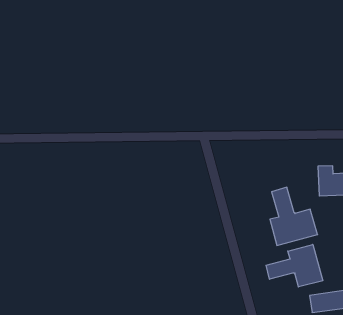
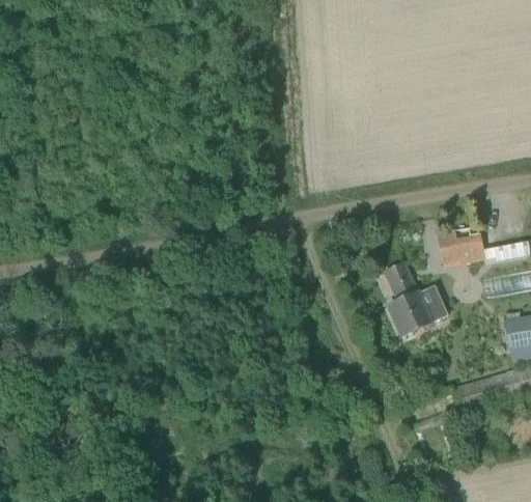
building: [266,244,323,287] -> none

